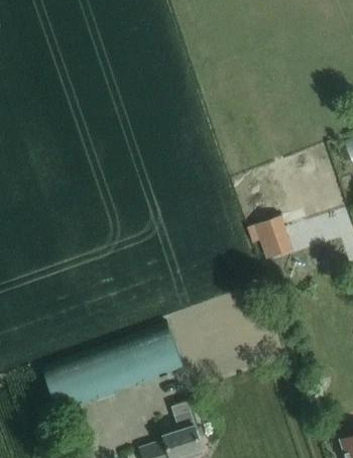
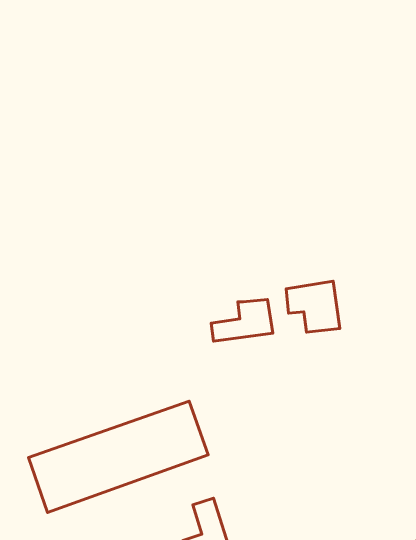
building: none -> [211,300,273,341]

